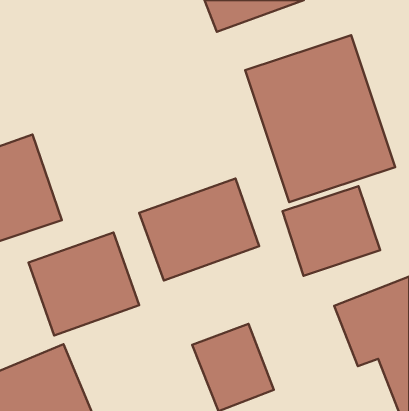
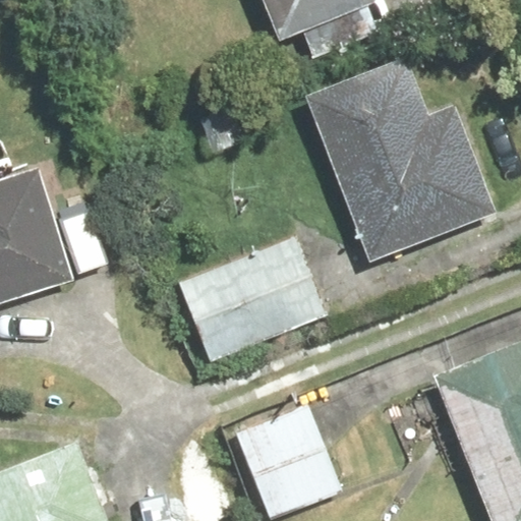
building: [282,186,380,276] -> none
building: [28,233,139,336] -> none

